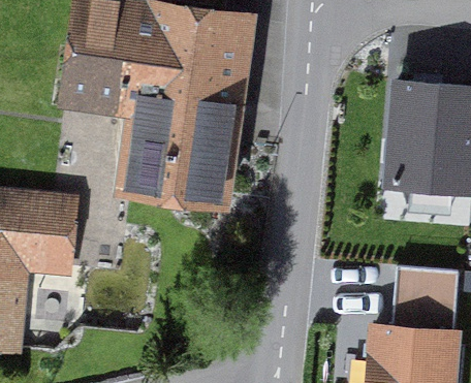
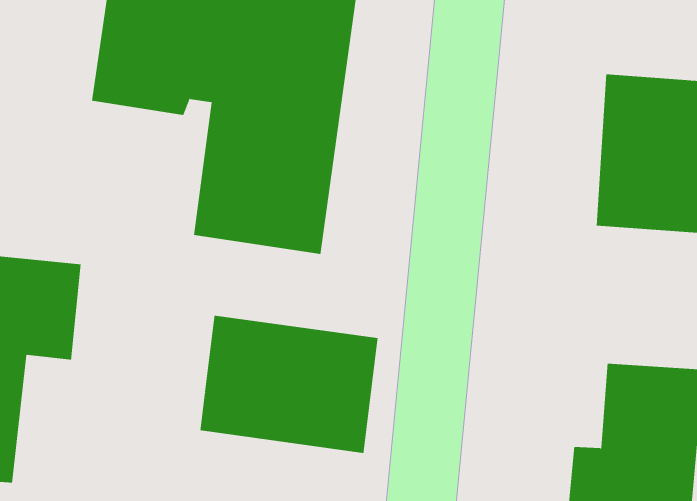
building: none -> [200,315,378,454]

